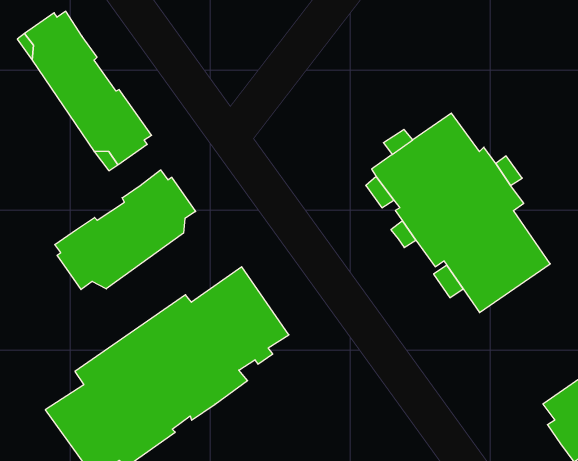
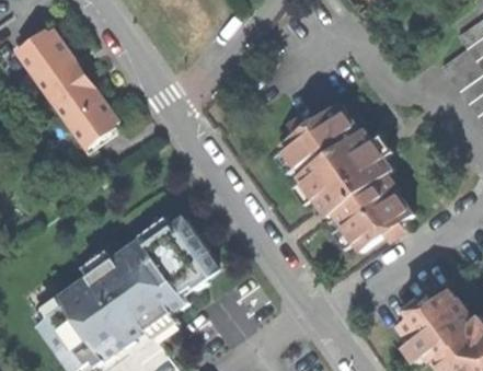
building: [55,170,196,290] -> none

